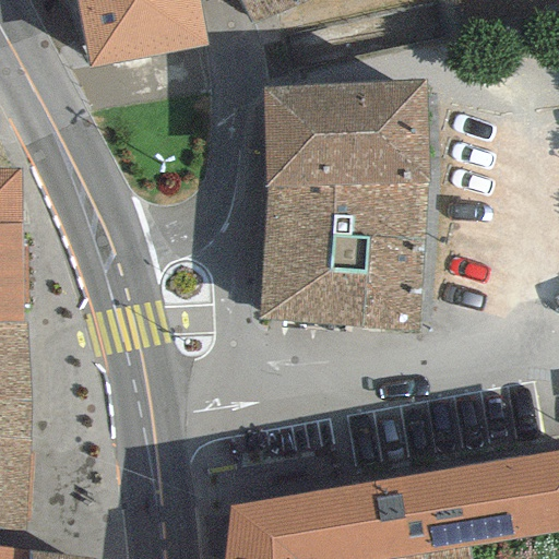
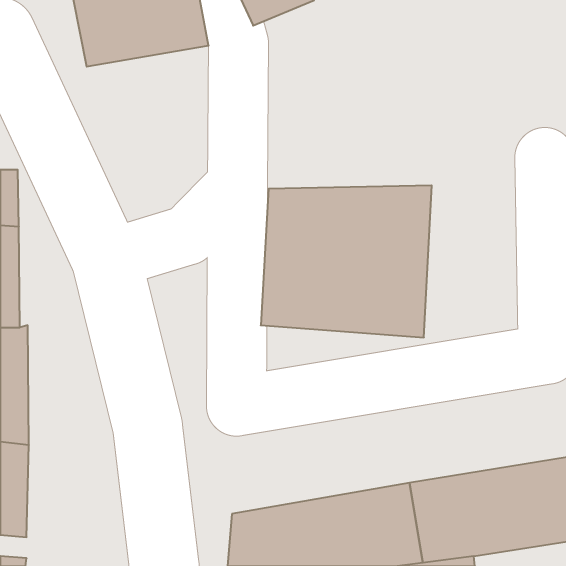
building: [262,79,426,186] -> none

